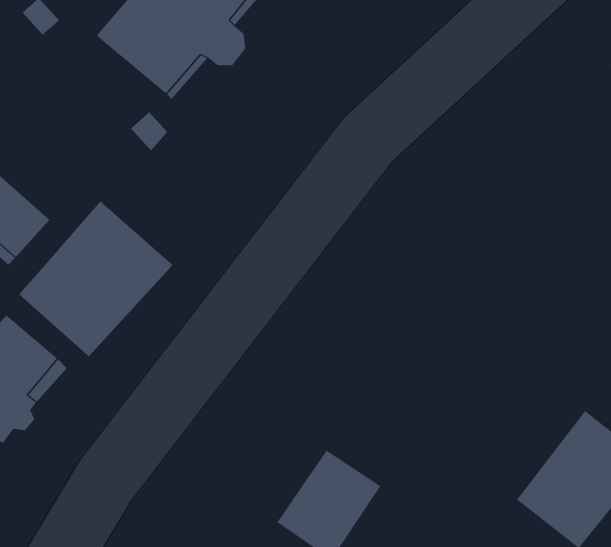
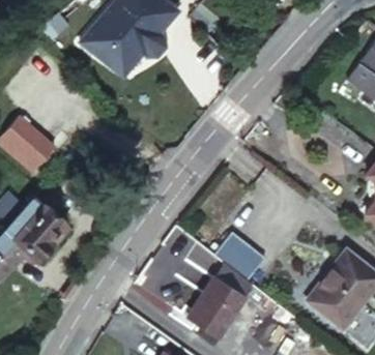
building: [18,200,173,357] -> none
building: none -> [215,232,268,284]

